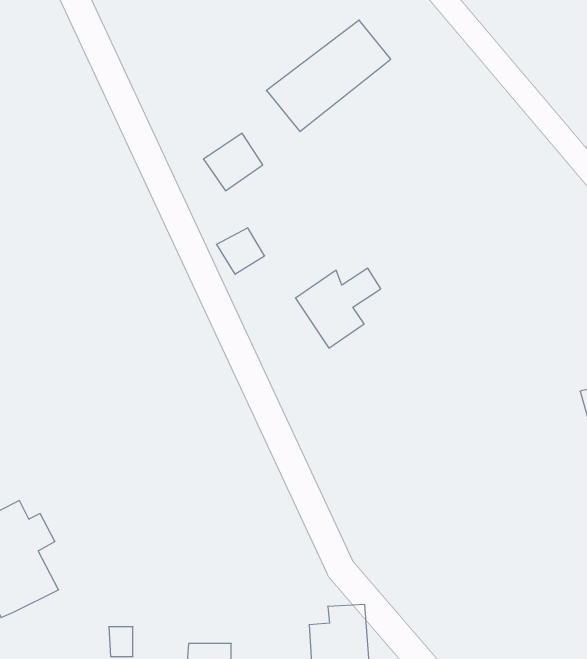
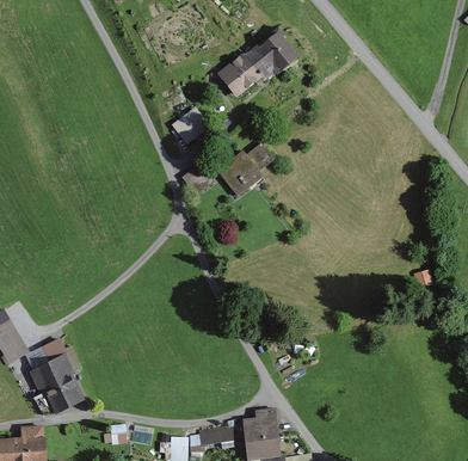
building: [295,268,381,348] -> [215,148,270,199]

